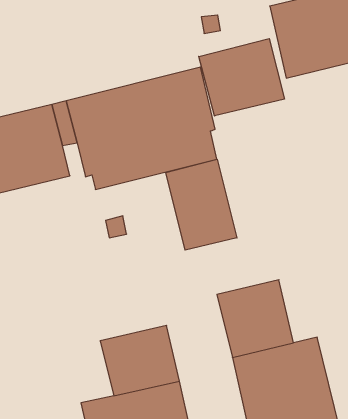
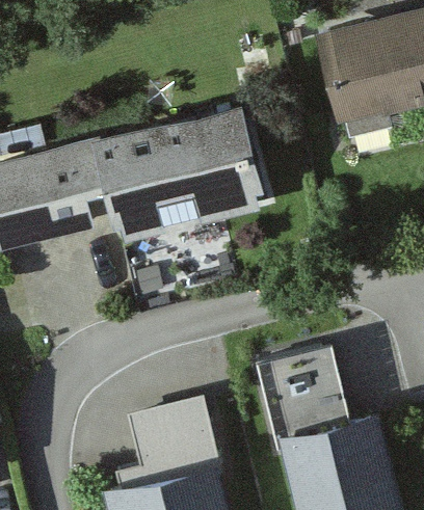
building: [199,39,284,116] -> none
building: [166,159,237,250] -> none

